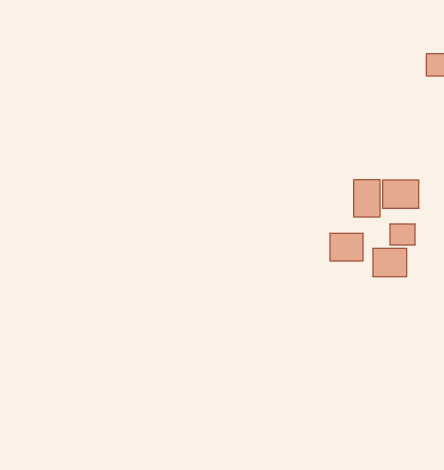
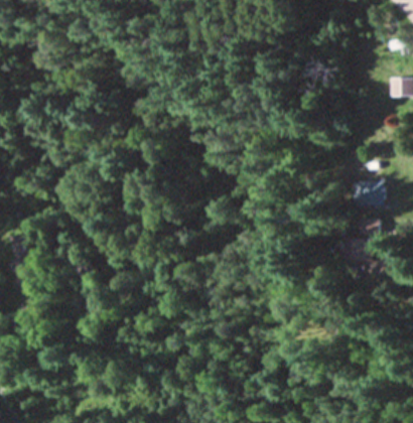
building: [354,180,380,217] -> none
building: [330,233,363,261] -> none

